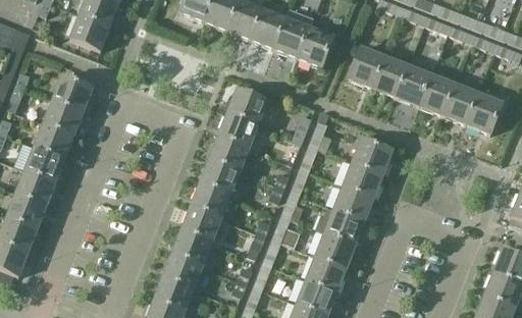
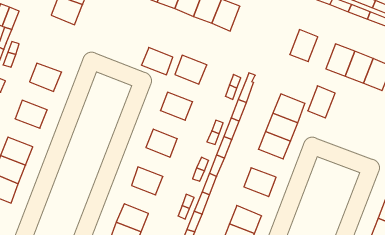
building: [297,28,333,68] -> none
building: [348,48,384,89] -> none
building: [396,66,430,107] -> [308,86,335,118]
building: [51,76,92,111] -> none
building: [217,114,257,149] -> [141,47,173,75]
building: [33,123,72,159] -> none
building: [199,160,240,196] -> none
building: [14,170,55,206] -> none
building: [179,207,220,244] -> none
building: [323,209,364,245] -> none
building: [162,255,202,290] -> none
building: [305,257,346,294] -> none

